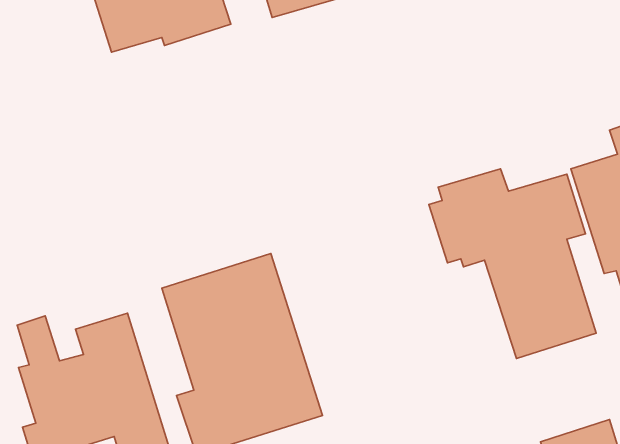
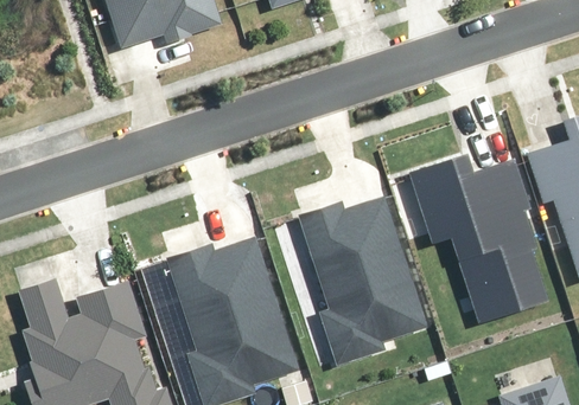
building: none -> [286,188,424,365]

